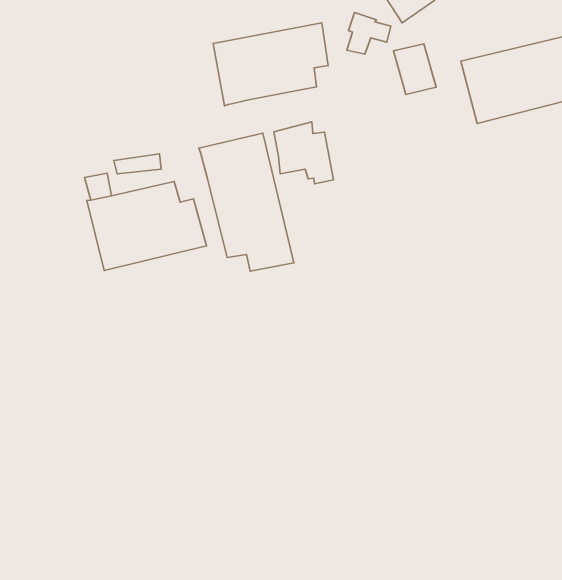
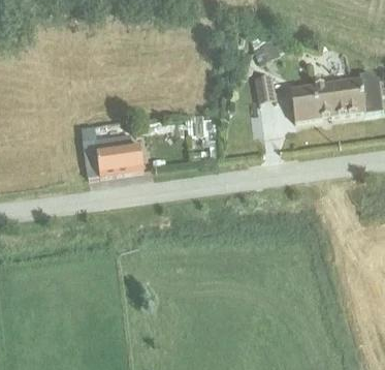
building: [213,23,328,106] -> none
building: [199,133,294,271] -> none

